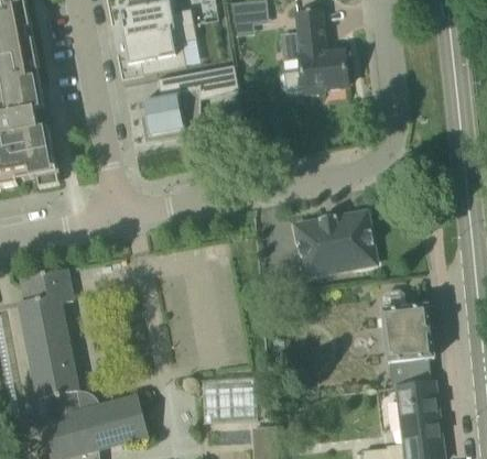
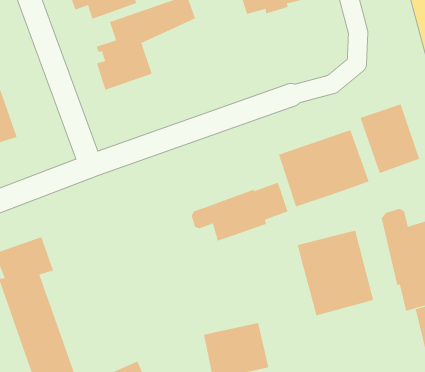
building: none -> [360,104,420,174]
building: none -> [191,182,288,242]
building: none -> [297,230,374,316]

